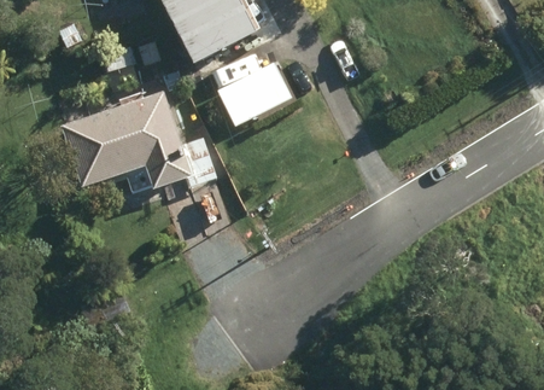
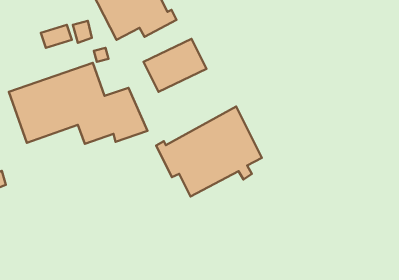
building: none -> [156,107,262,196]

